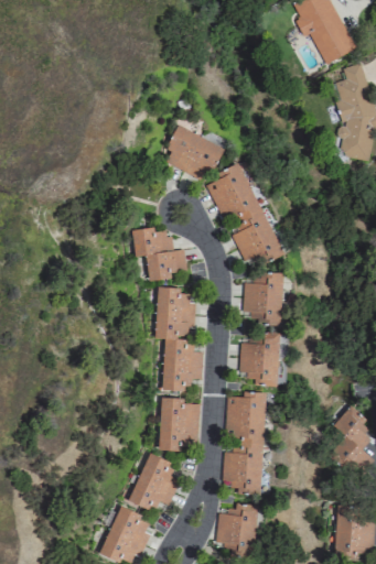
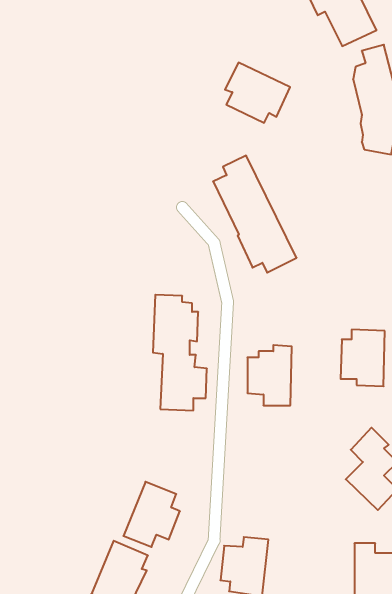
building: [166,126,225,180] -> [225,63,290,123]
building: [132,227,187,281] -> none
building: [244,273,283,324] -> [341,330,385,386]
building: [223,391,266,492] -> none
building: [159,400,201,451] -> none

